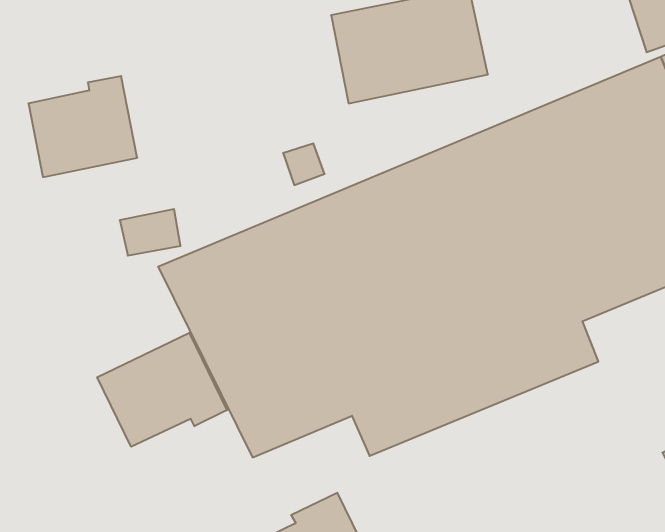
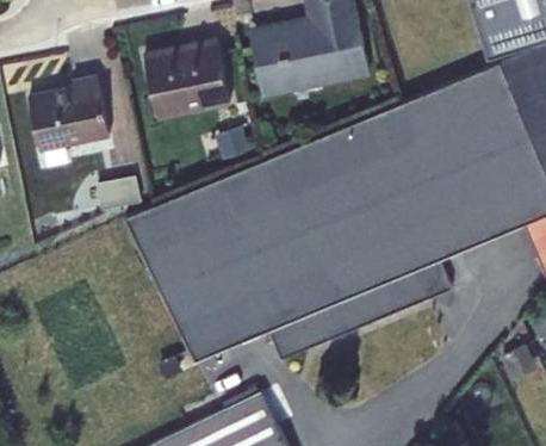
building: none -> [142,39,229,120]
building: [97,333,227,447] -> none

